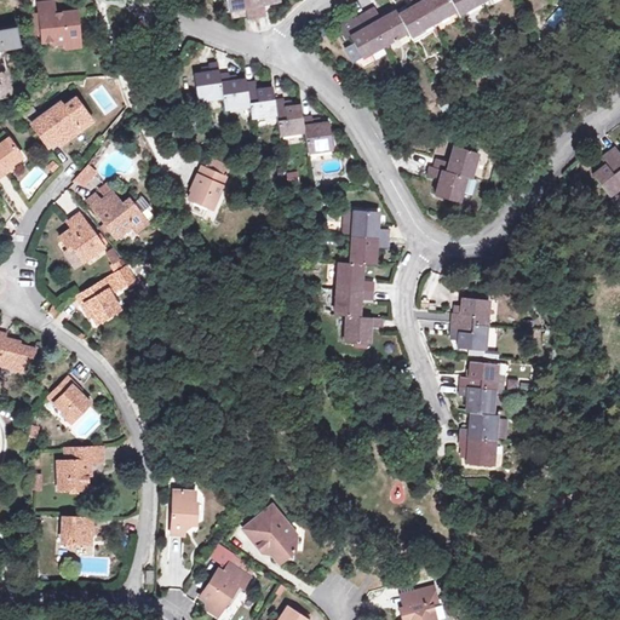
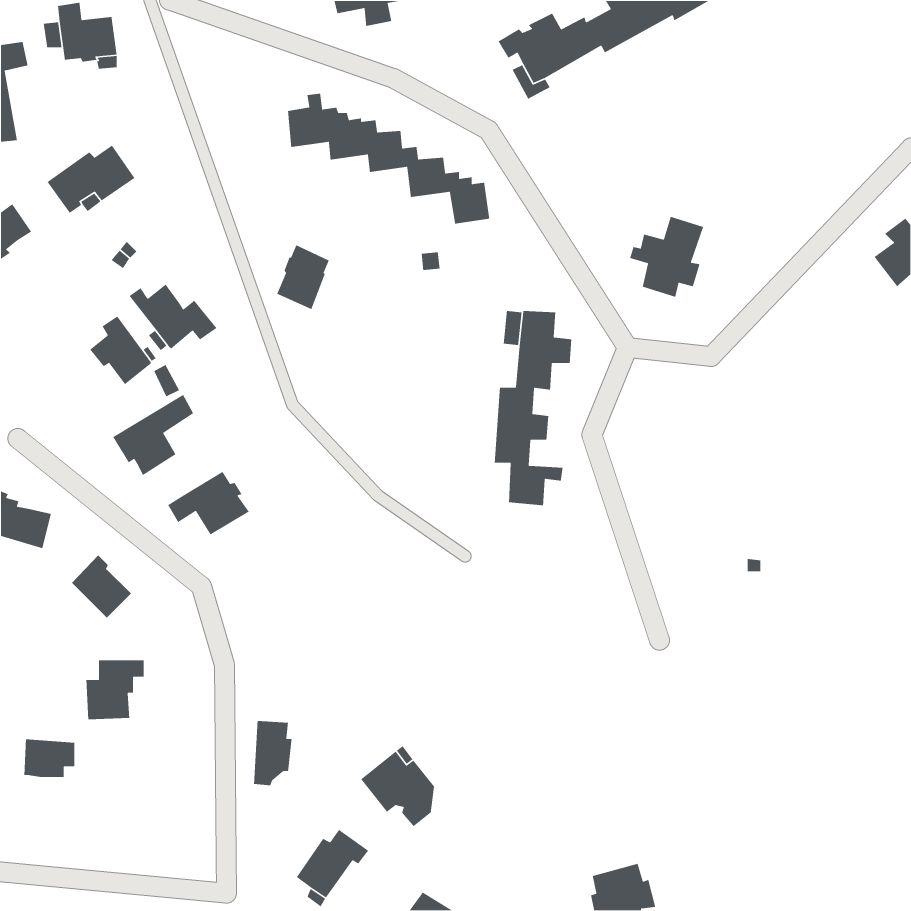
building: [450,298,489,350] -> none
building: none -> [167,471,250,535]
building: [459,361,498,464] -> none
building: [63,516,98,542] -> [24,739,75,778]

